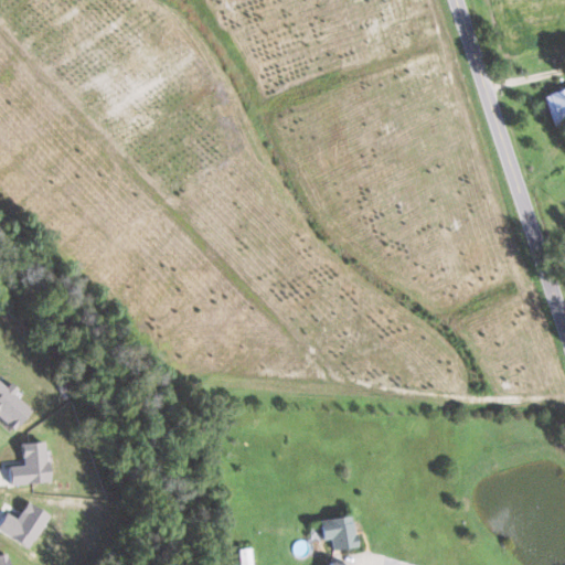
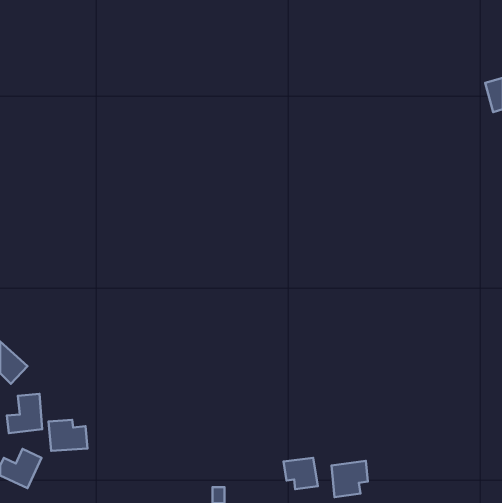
building: none -> [49,420,87,451]
building: none -> [332,461,368,497]

